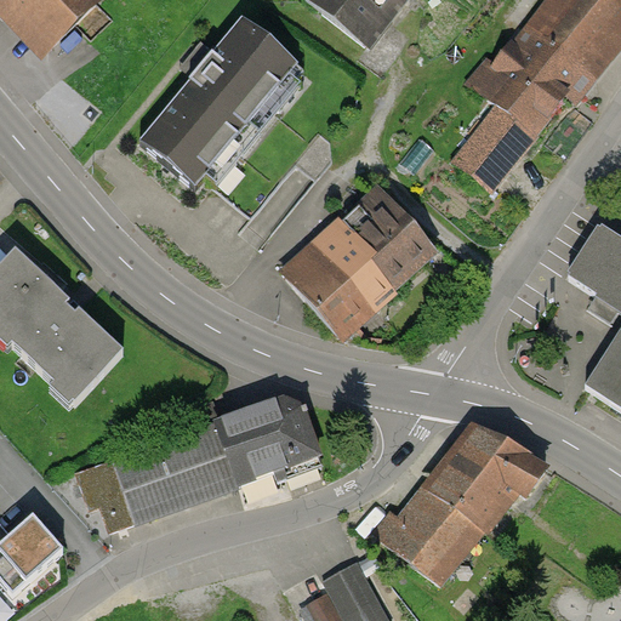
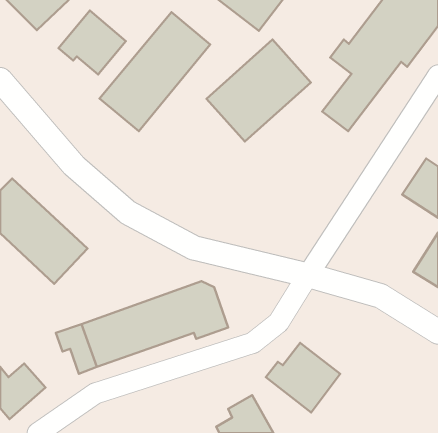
building: none -> [58,11,126,74]
building: [284,189,432,334] -> [206,40,311,142]
building: [429,429,546,529] -> none

